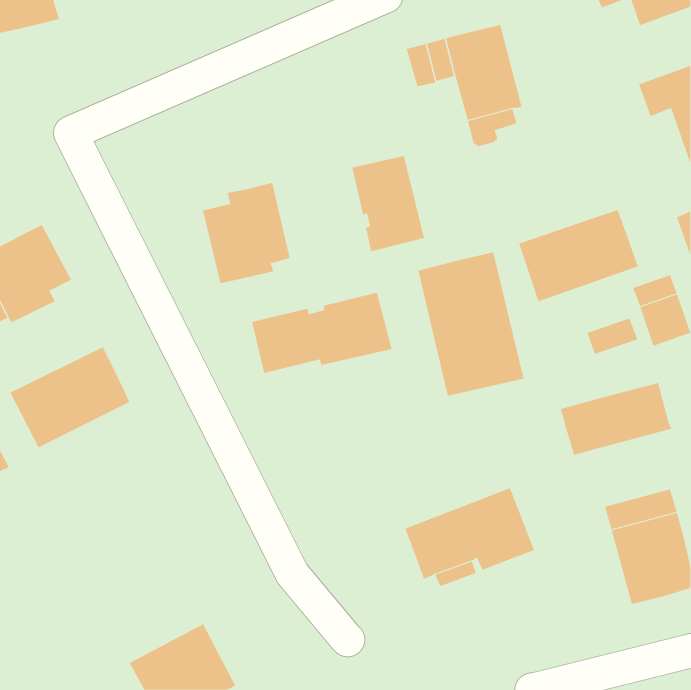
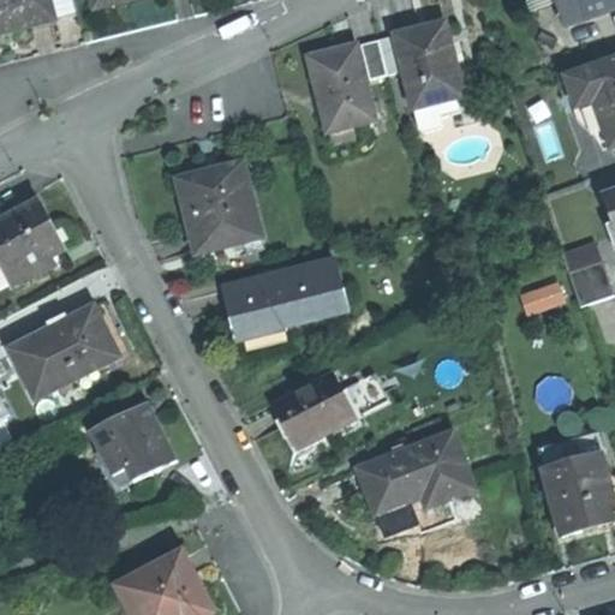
building: [352,155,425,252] -> [309,44,374,130]
building: [518,209,638,302] -> none
building: [418,251,524,396] -> none
building: [560,382,672,455] -> none
building: none -> [273,372,356,447]
building: none -> [90,404,174,479]

